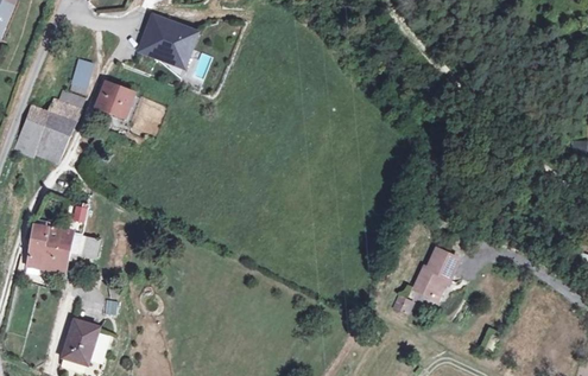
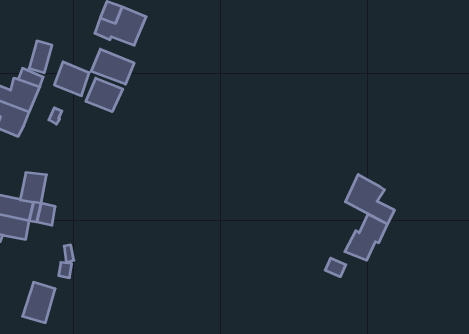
building: none -> [91,49,134,84]
building: none -> [86,78,123,112]
building: none -> [345,174,394,224]

